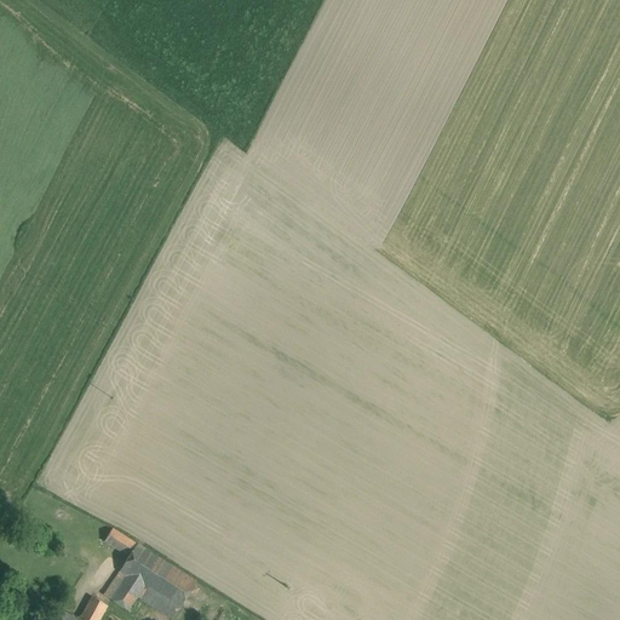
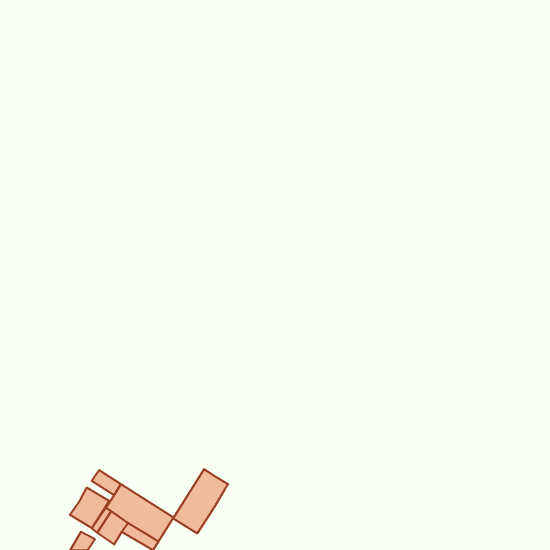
building: none -> [173,469,228,533]
building: none -> [70,488,109,528]

